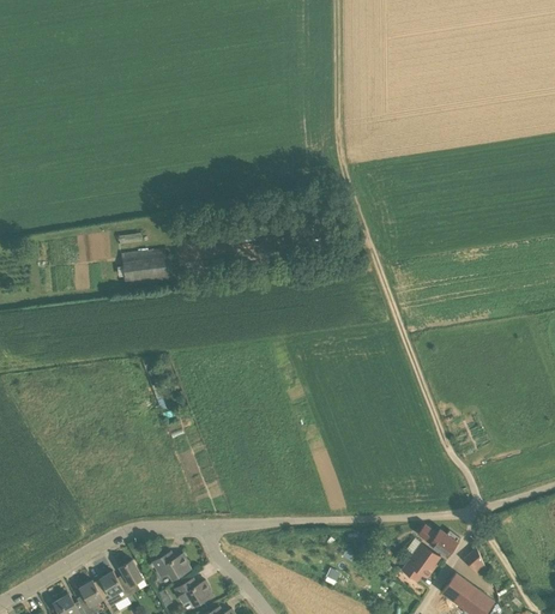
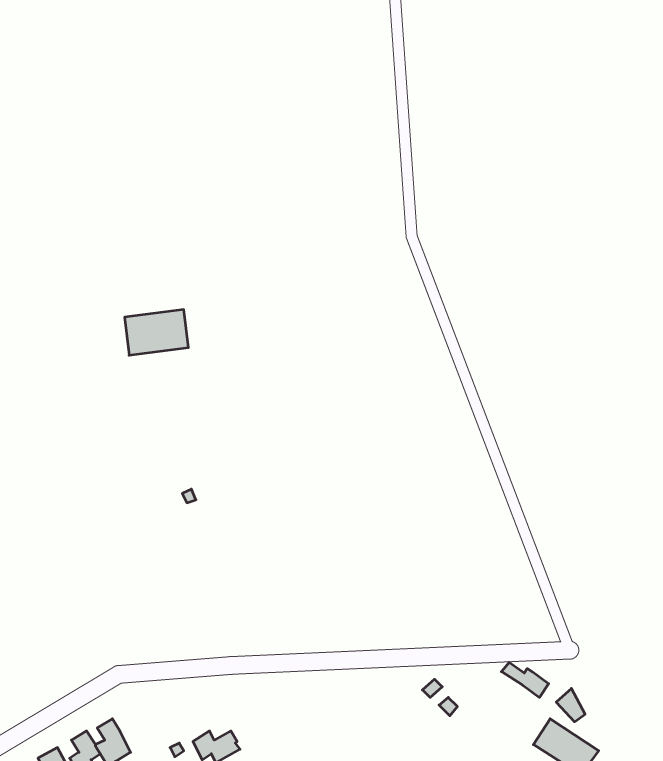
building: [400,543,440,582] -> none
building: [152,552,189,579] -> none
building: [117,560,143,597] -> none

